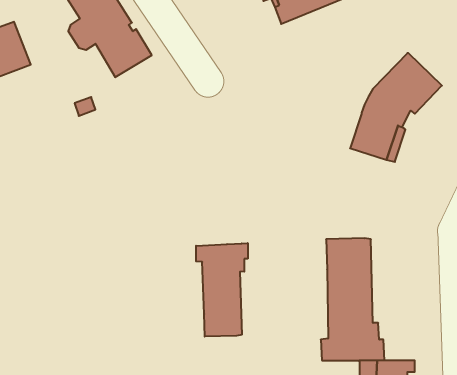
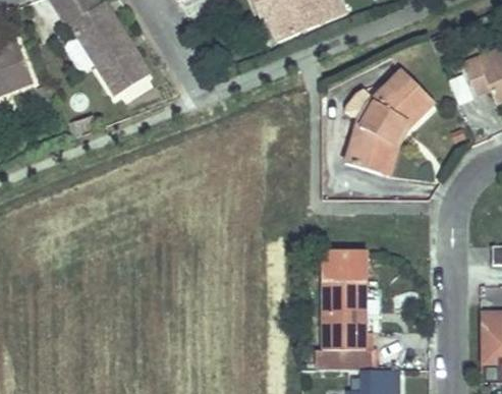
building: [196,243,248,337] -> none

